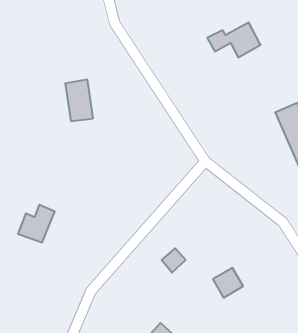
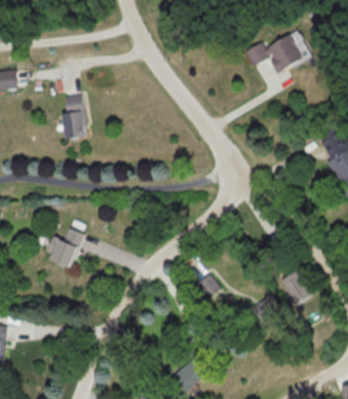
building: [65,80,93,121] -> [57,96,87,140]
building: none -> [281,270,309,303]

